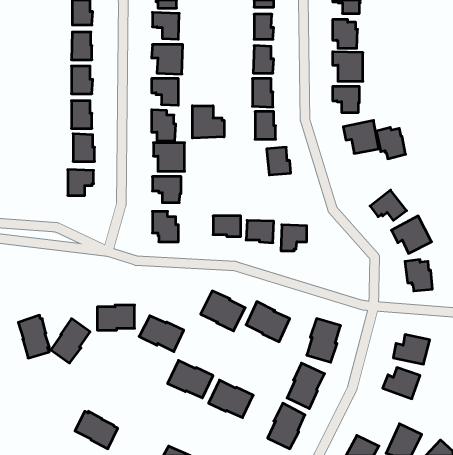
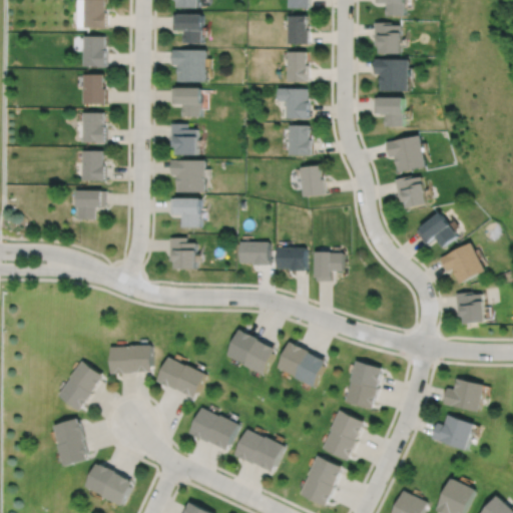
building: [192,106,224,138] -> none
building: [376,127,406,159] -> [395,176,428,211]
building: [18,315,49,358] -> [51,417,86,465]

